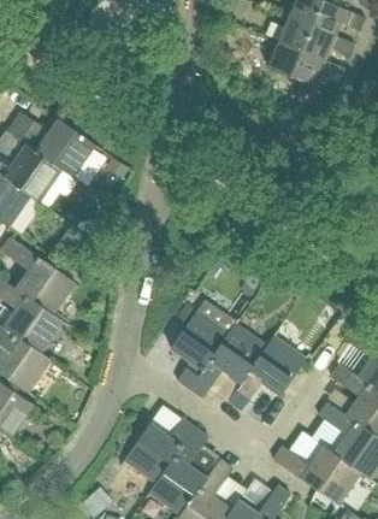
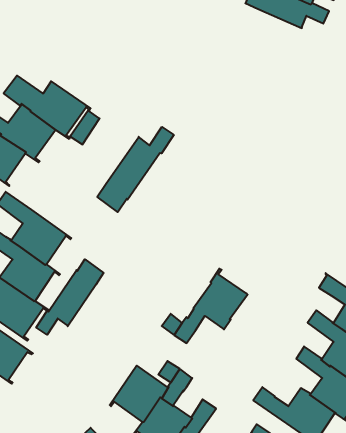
building: [267,41,344,87] -> none
building: none -> [97,127,174,212]
building: [170,306,229,371] -> none
building: none -> [36,259,104,335]
building: [228,330,309,409] -> none

